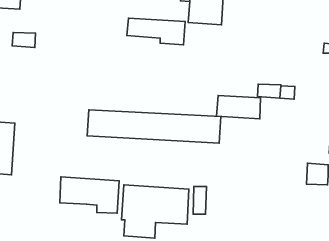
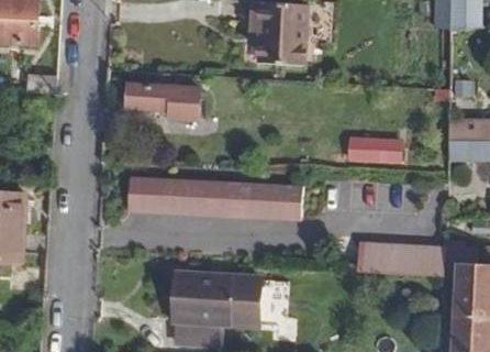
building: [127,18,185,45] -> [125,85,202,120]
building: [216,96,261,119] -> [357,243,415,274]
building: [60,177,119,213] -> none

